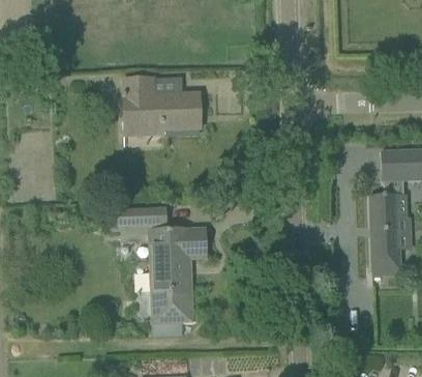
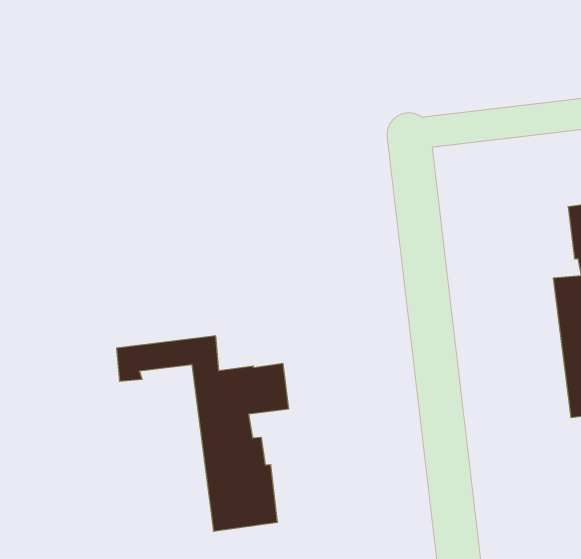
building: [123,78,201,135] -> none

